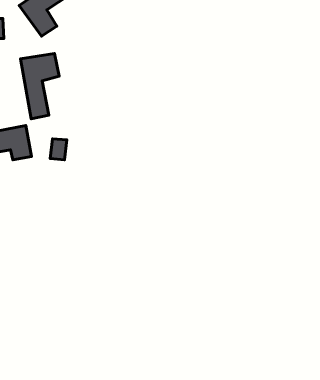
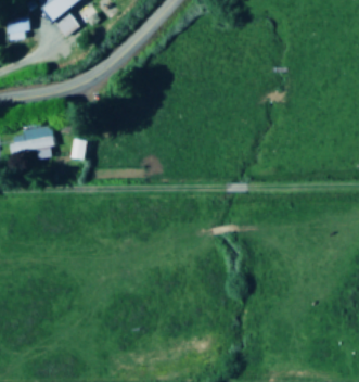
building: [21,53,59,119] -> none

